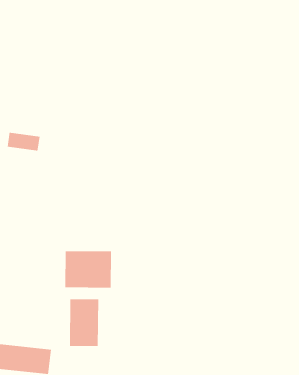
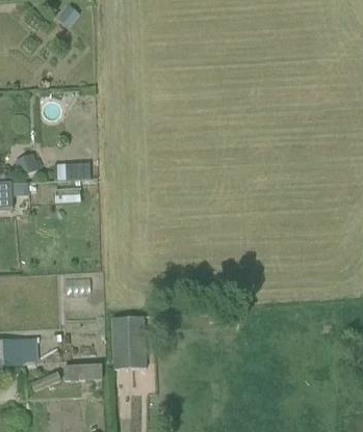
building: [65,250,112,288] -> none

